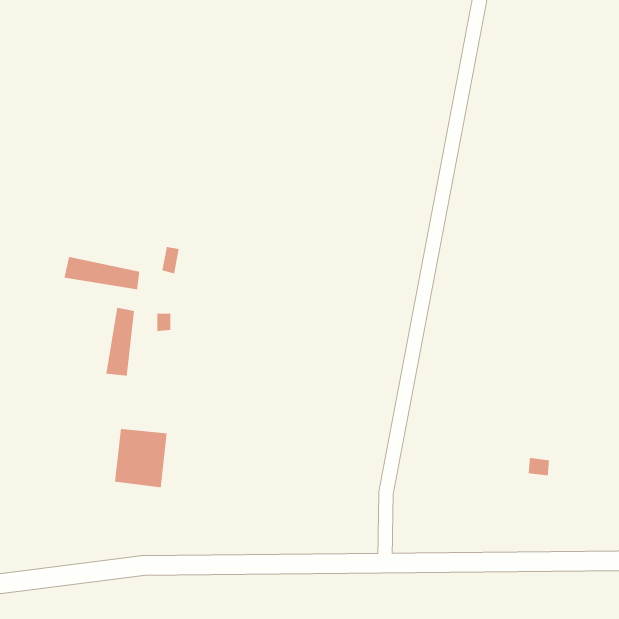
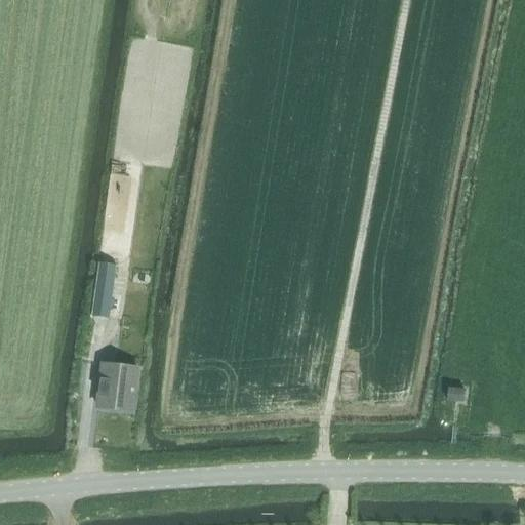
building: [64,256,140,290] -> none

